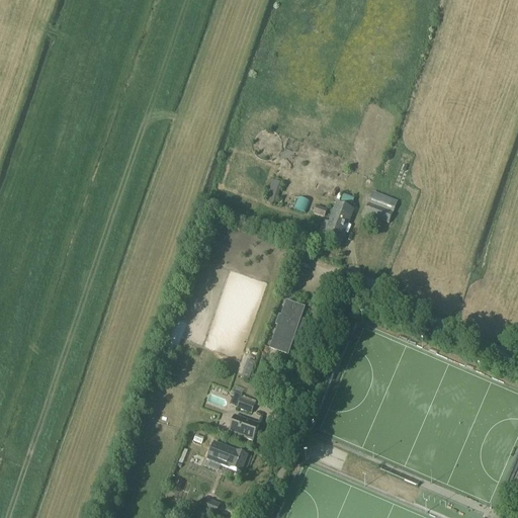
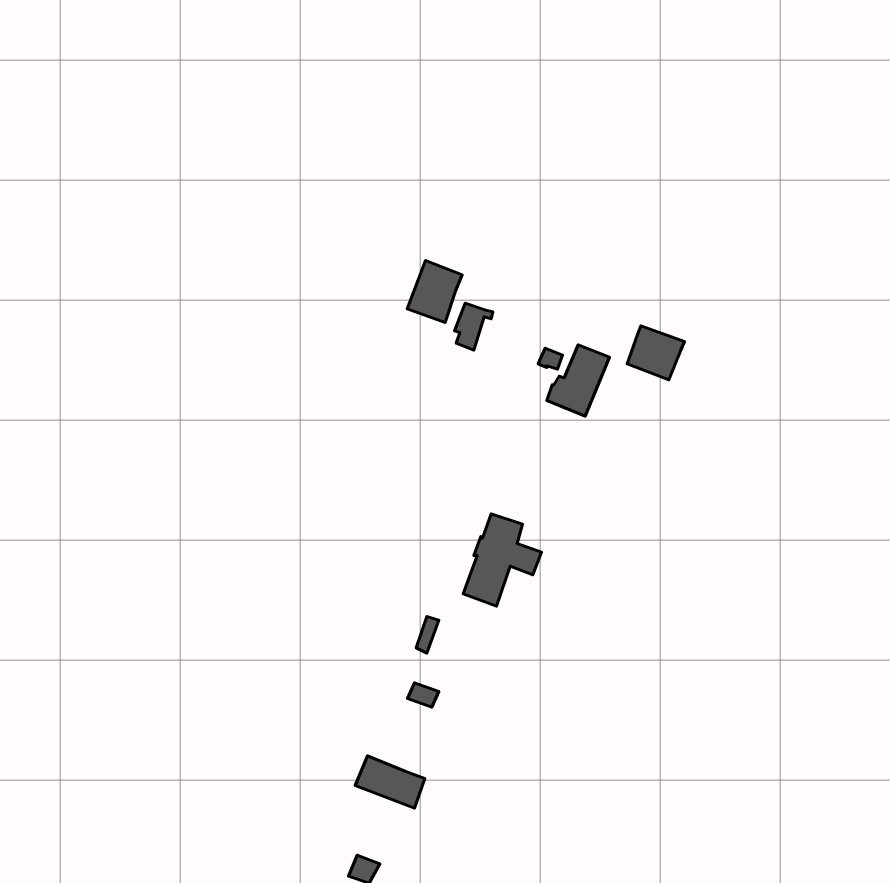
building: none -> [407,260,462,322]
building: [229,413,259,438] -> none

